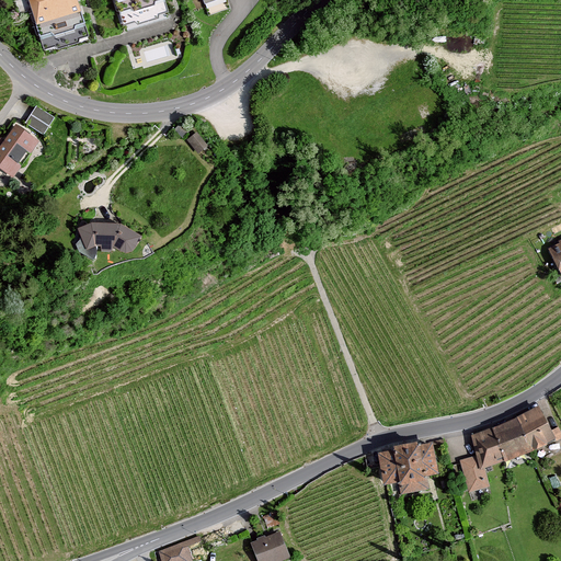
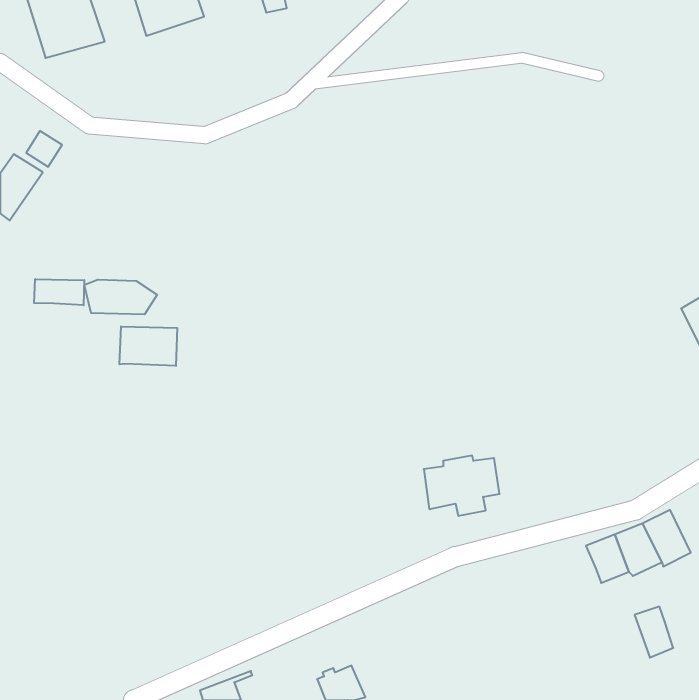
building: none -> [34,279,84,305]
building: none -> [120,326,177,366]
building: [383,444,444,492] -> [424,455,500,516]
building: [458,451,489,492] -> [635,607,673,658]

